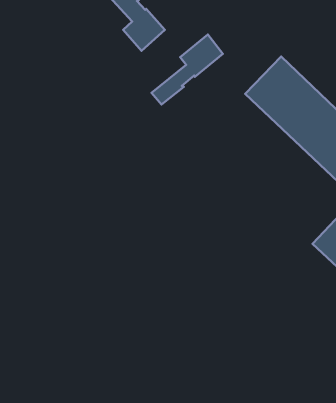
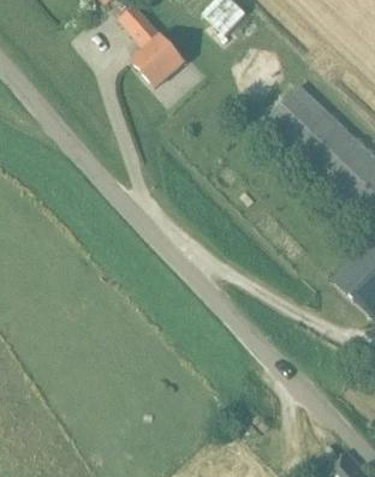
building: [152,34,223,105] -> none

